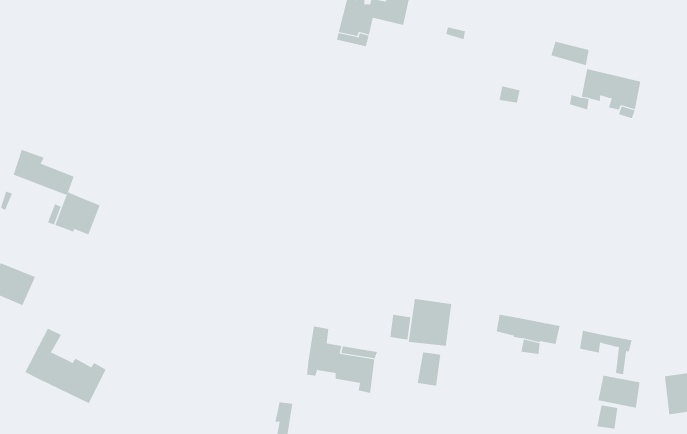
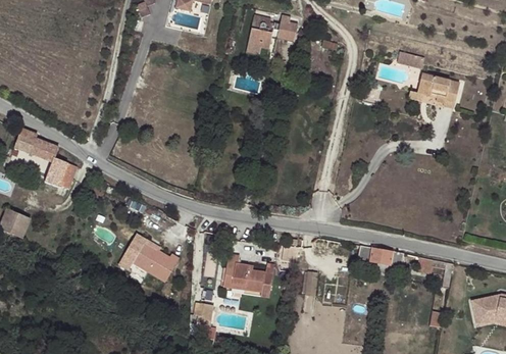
building: [408,298,452,347] -> none
building: [25,328,107,404] -> [120,233,179,287]
building: [598,375,640,409] -> none

